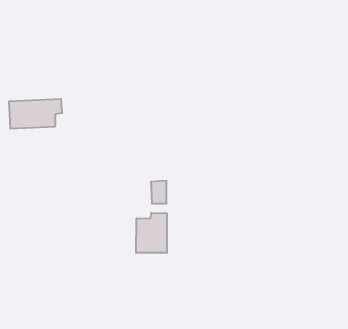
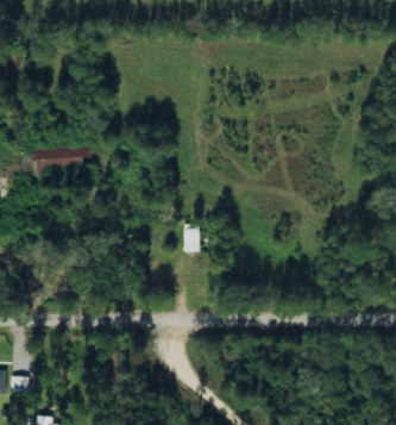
building: [136,213,167,253] -> none

